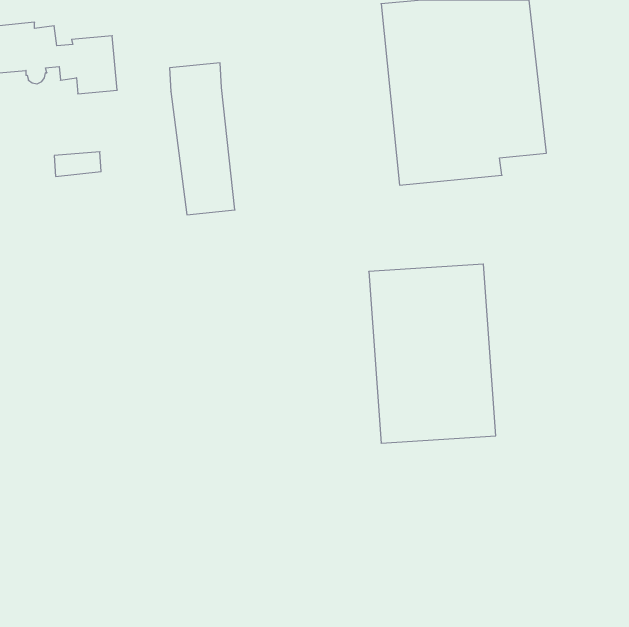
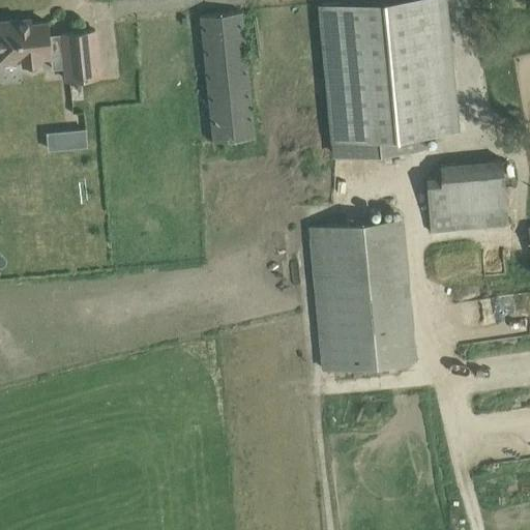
building: [170,63,235,215] -> [199,14,254,142]
building: none -> [423,160,507,234]

